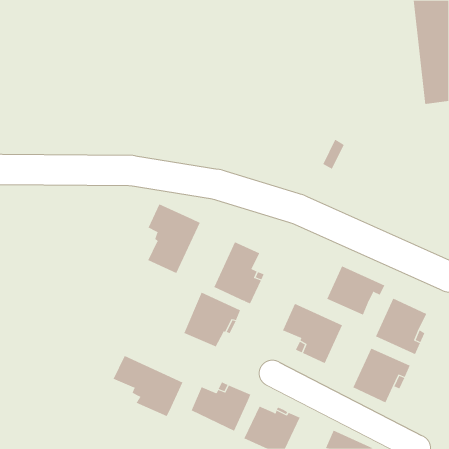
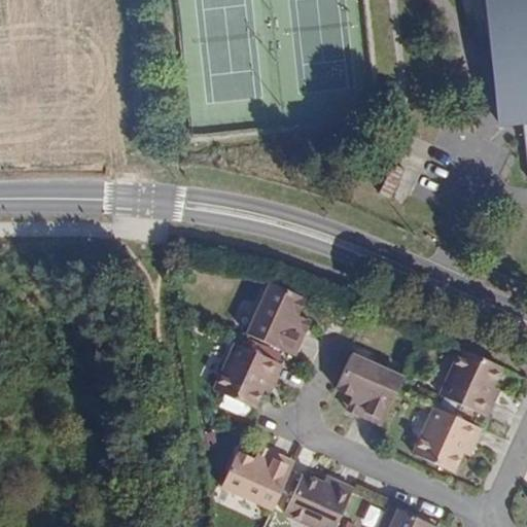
building: [148,203,200,274] -> none
building: [327,265,385,316] -> none
building: [113,355,183,417] -> none

